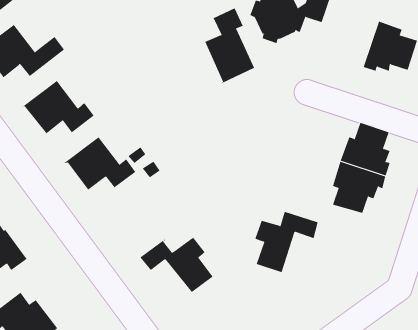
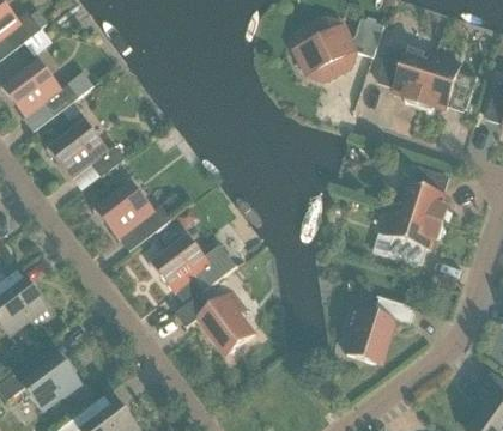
building: [205,8,255,84] -> none
building: none -> [377,47,435,105]
building: none -> [149,233,237,292]
building: [255,211,318,273] -> [345,296,414,363]

